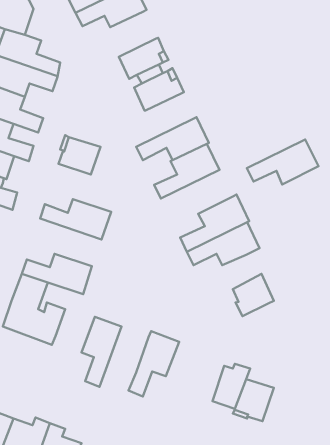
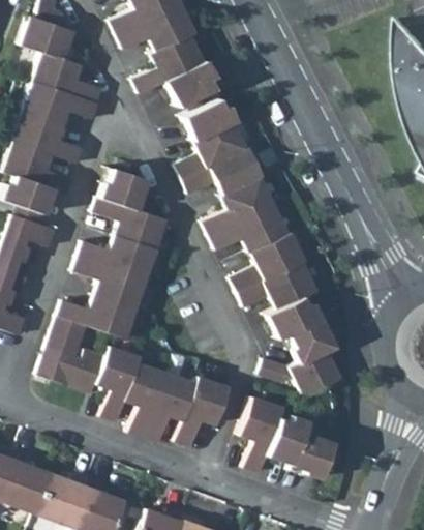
building: none -> [134,33,206,93]
building: none -> [177,121,247,179]
building: [247,139,319,184] -> [211,204,289,253]
building: none -> [95,198,166,249]
building: none -> [75,257,147,308]
building: none -> [267,296,320,338]
building: none -> [97,346,142,422]
building: none -> [261,349,339,395]
building: none -> [145,374,198,445]
building: none -> [240,395,283,471]

